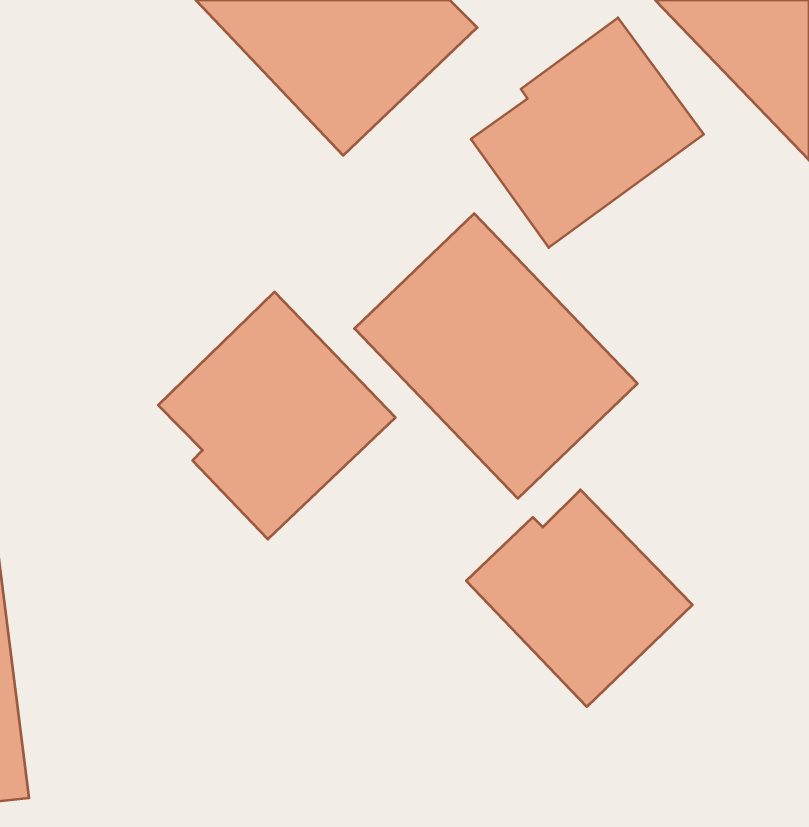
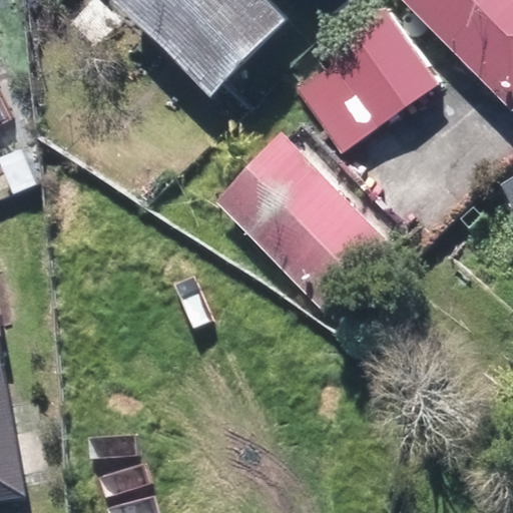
building: [158,292,395,539] -> none
building: [466,490,692,707] -> none

